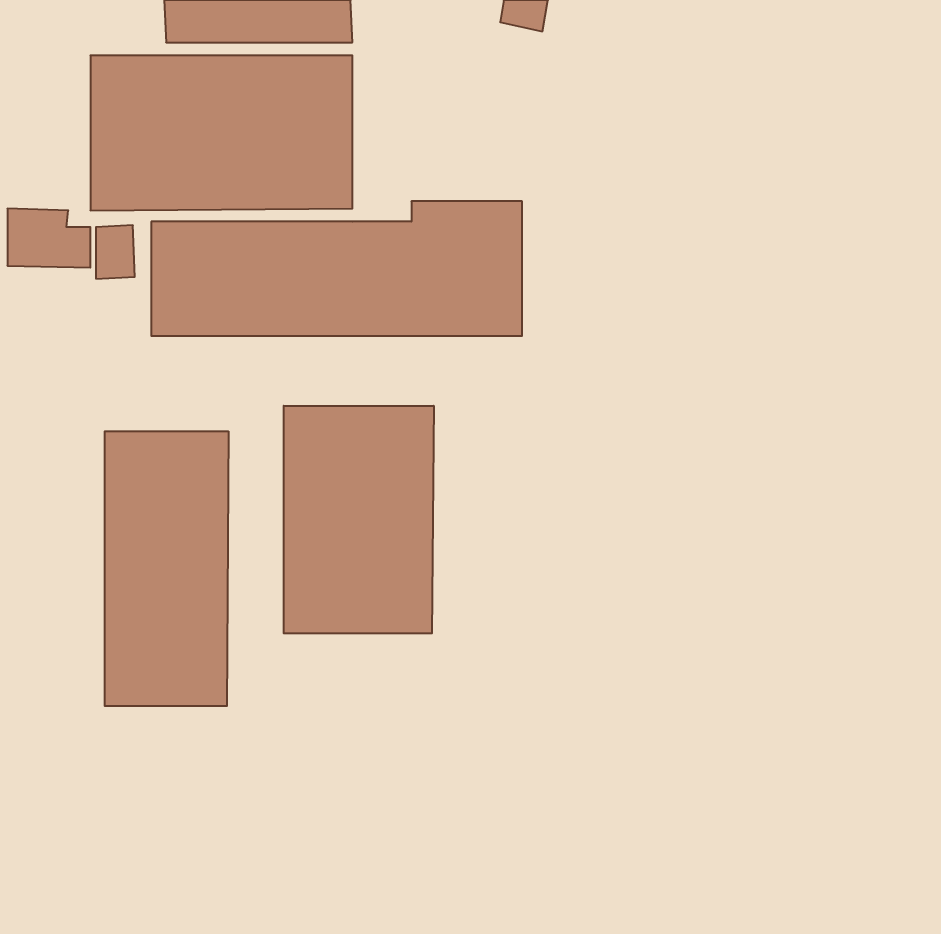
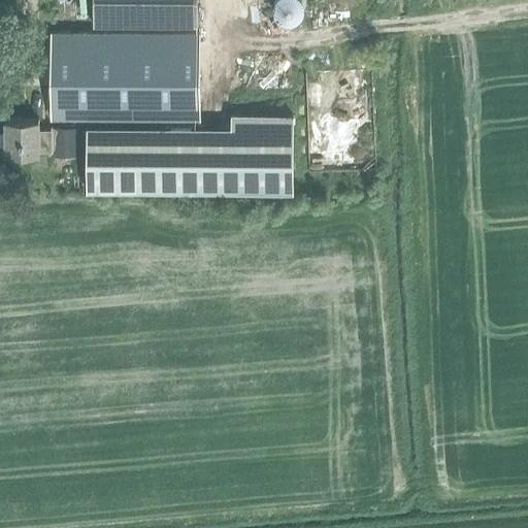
building: [284,406,434,633] -> none
building: [105,431,228,706] -> none

